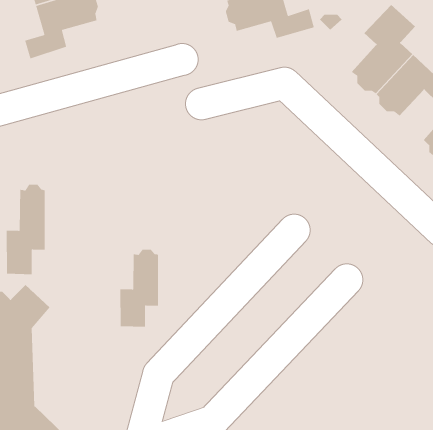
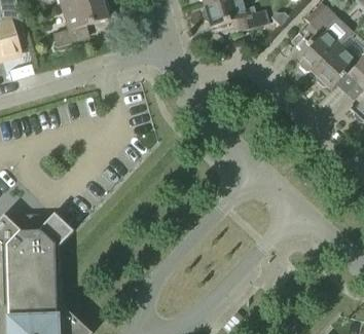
building: [6,184,46,275] -> none
building: [119,249,159,328] -> none

